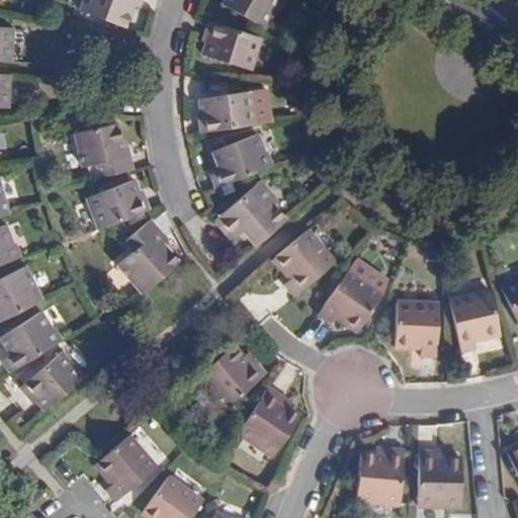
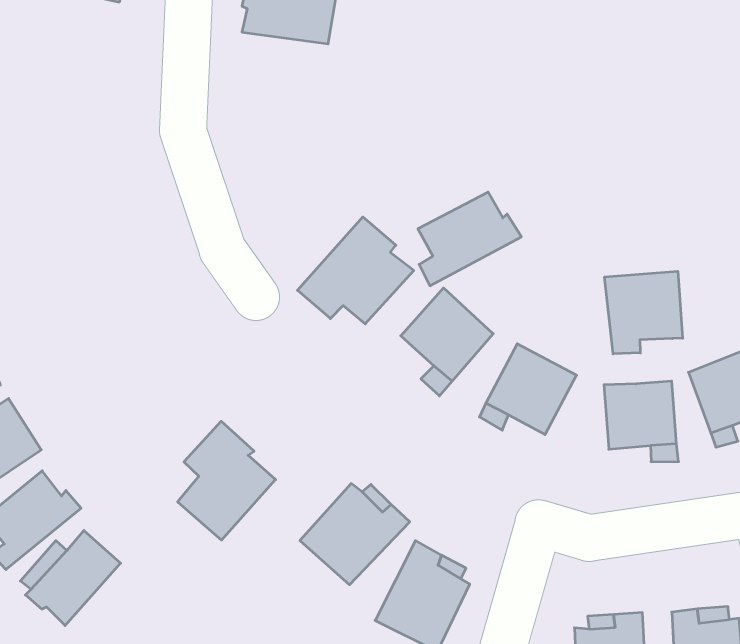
building: [196,89,271,134] -> none
building: [76,122,135,178] -> none
building: [209,135,275,188] -> [418,192,521,286]
building: [86,179,153,230] -> none
building: [117,220,180,293] -> [178,421,276,540]
building: none -> [605,271,683,354]

